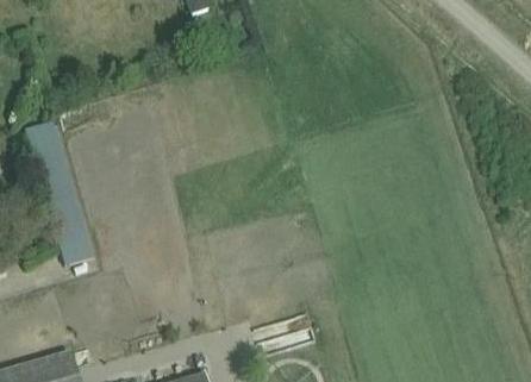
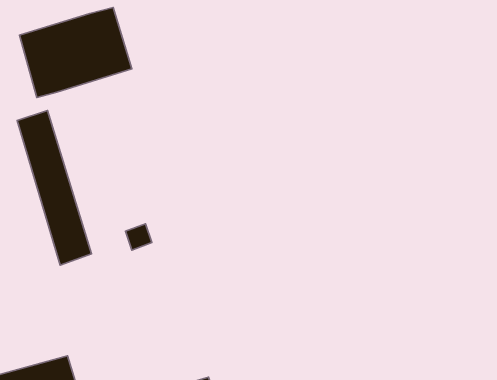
building: none -> [19,7,132,97]

